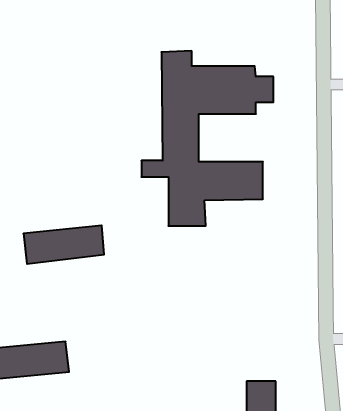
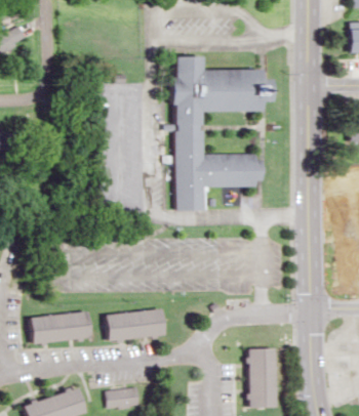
building: [23,225,104,264] -> [98,309,169,343]

